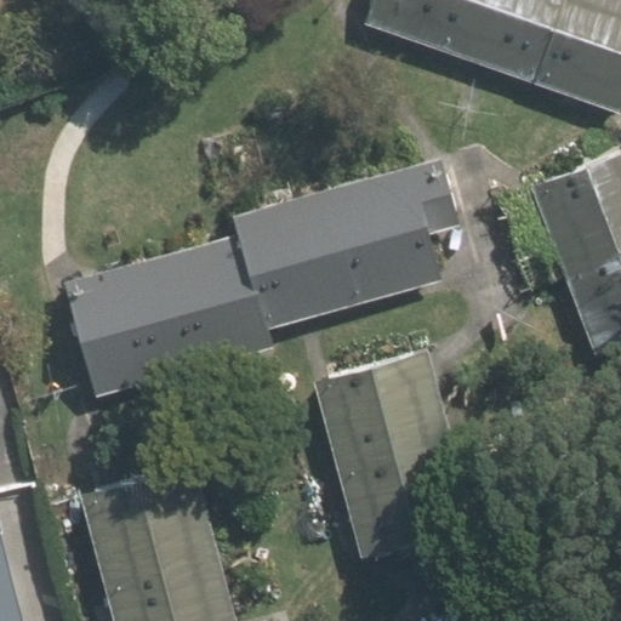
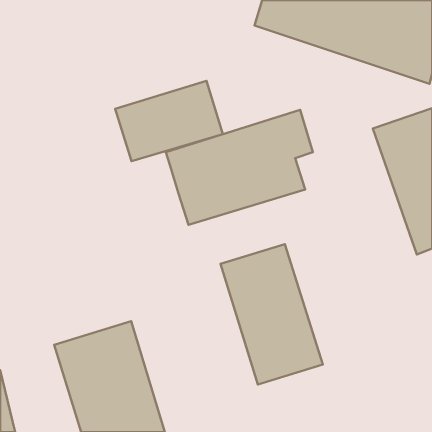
building: none -> [115,81,223,161]
building: [79,237,274,387] -> none

